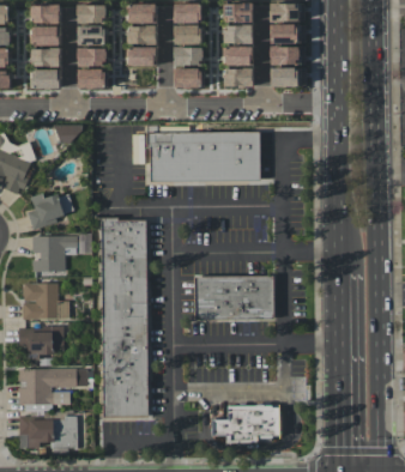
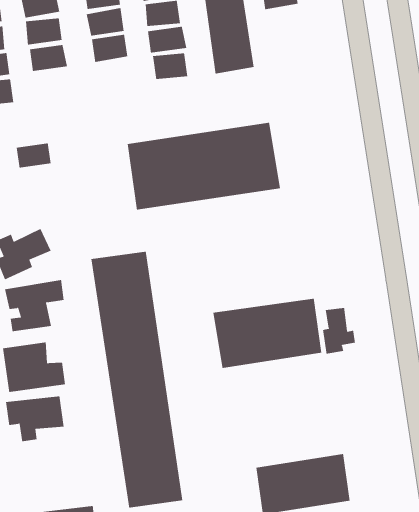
building: [268,44,302,87] -> none
building: [78,68,105,89] -> none
building: none -> [322,307,356,355]
building: [18,368,87,404] -> none

